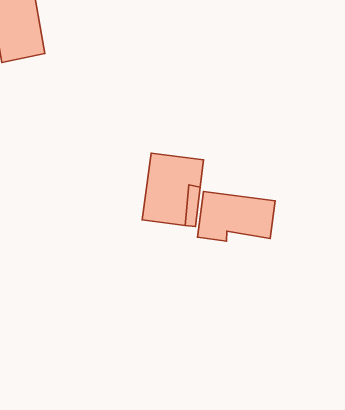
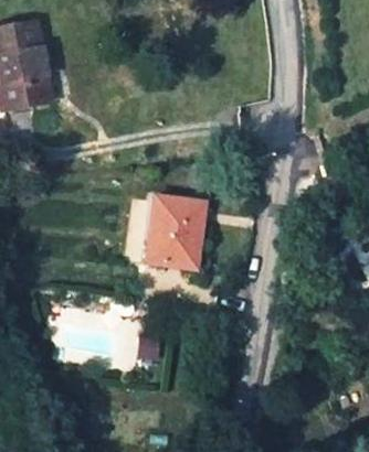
building: [197,192,275,241] -> none

